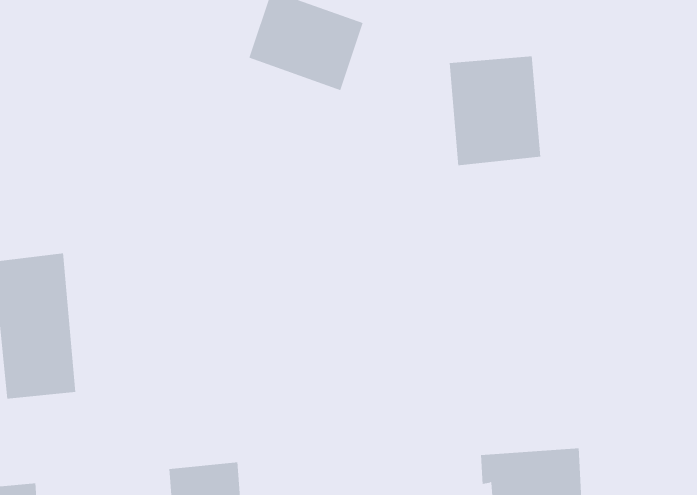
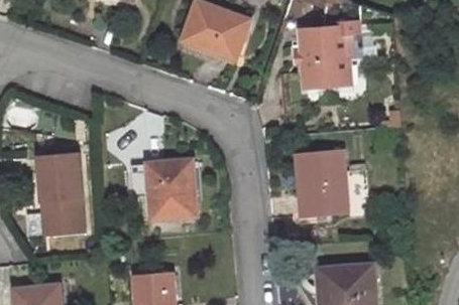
building: none -> [294,151,346,215]
building: none -> [147,157,197,222]

